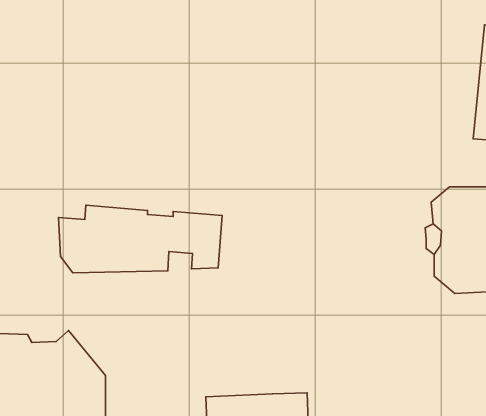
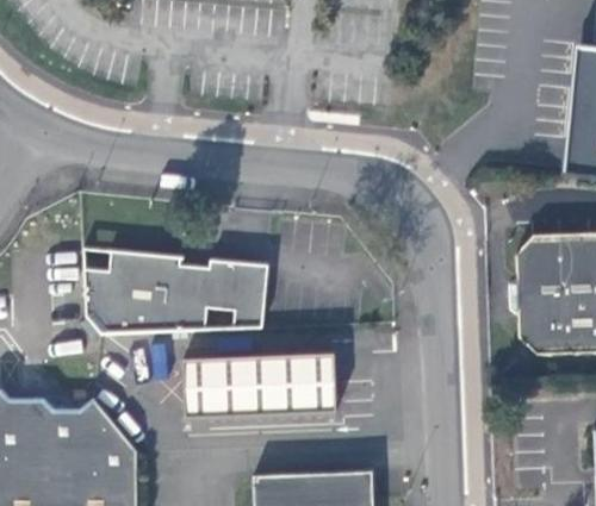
building: none -> [173,354,329,407]

